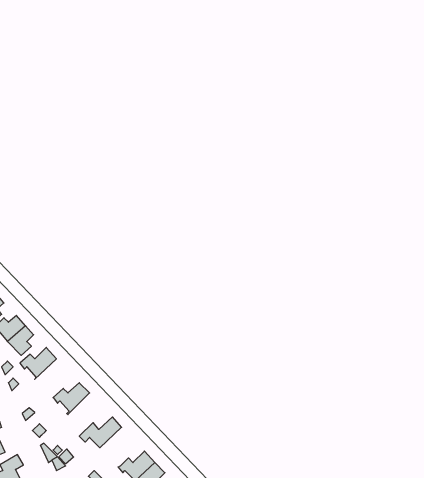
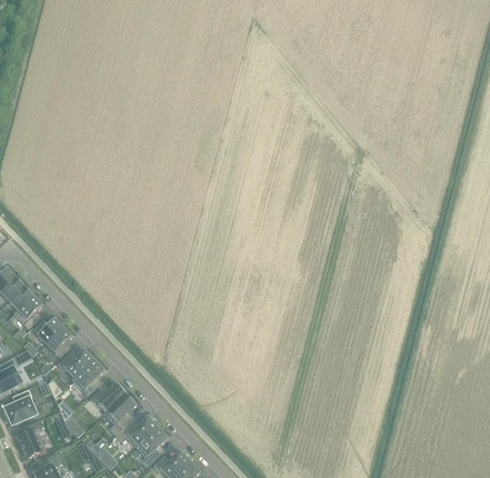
building: none -> [72,360,103,396]
building: none -> [104,394,136,436]
building: none -> [136,427,167,467]

